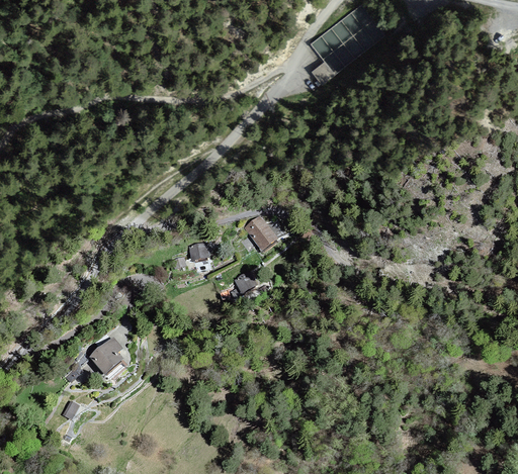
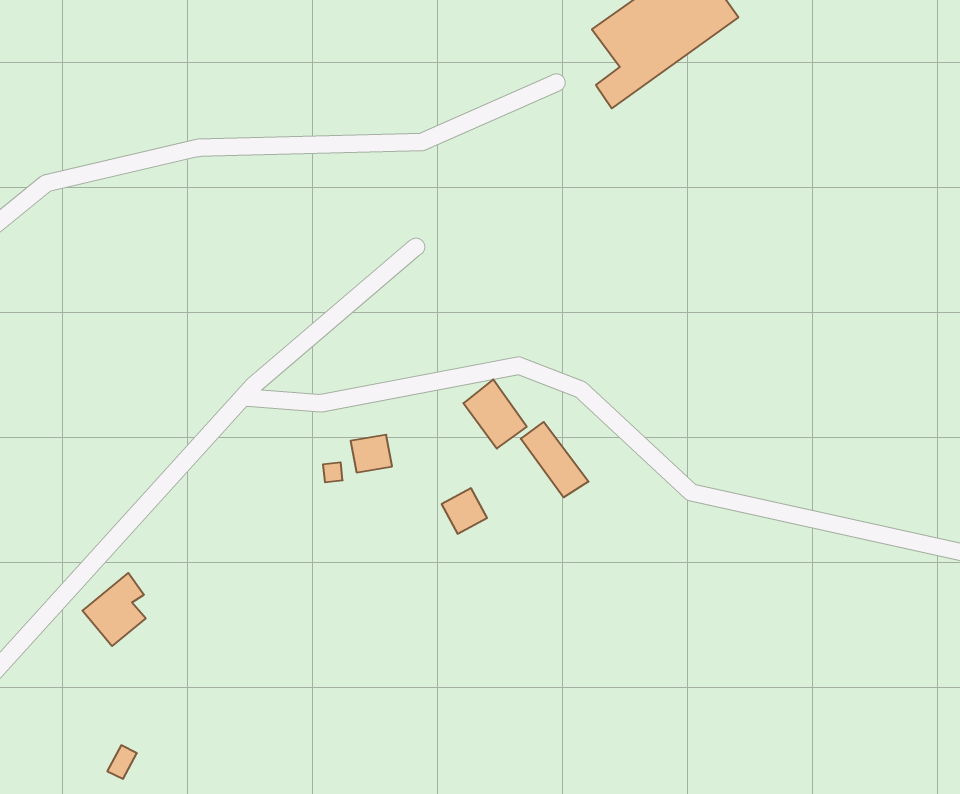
building: none -> [521,422,589,497]
building: [91,341,123,378] -> [82,573,146,646]

